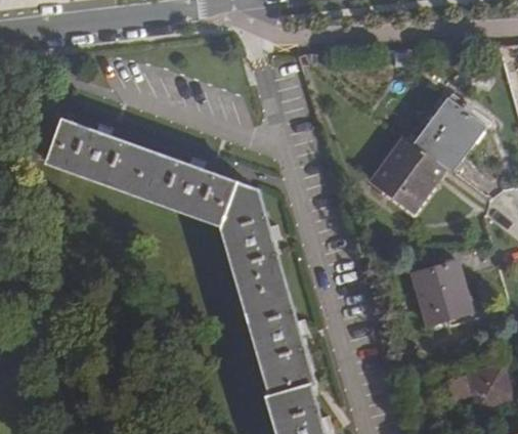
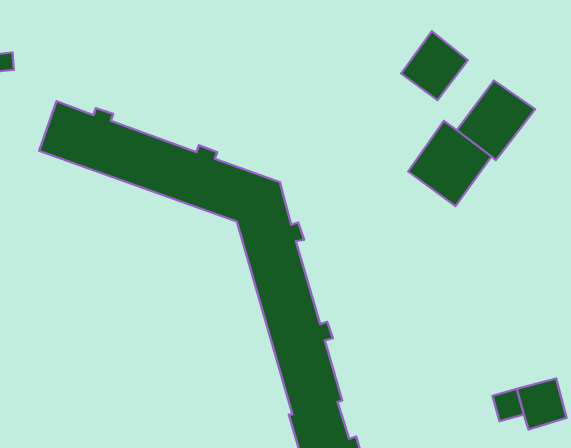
building: none -> [401,31,468,100]
building: [411,261,470,326] -> none

